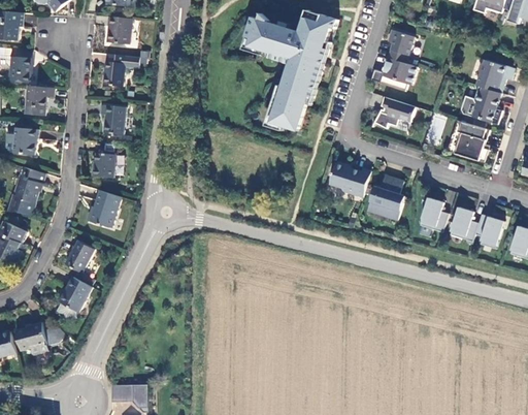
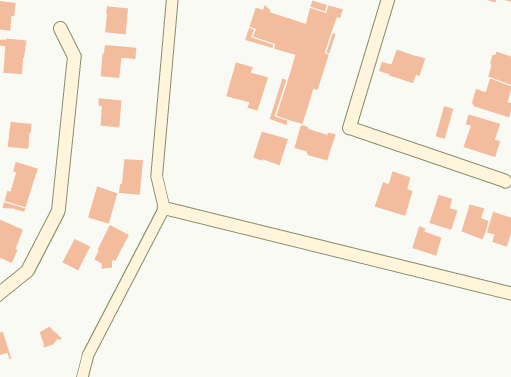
building: [387,29,414,63] -> none
building: none -> [225,61,269,112]
building: [25,85,53,115] -> none
building: [374,96,415,128] -> none
building: none -> [253,131,289,166]
building: [91,141,116,177] -> [118,159,144,195]
building: [329,161,370,196] -> [294,125,336,161]
building: none -> [412,225,442,257]
building: [57,276,92,319] -> [93,224,130,269]
building: [16,321,48,354] -> none

